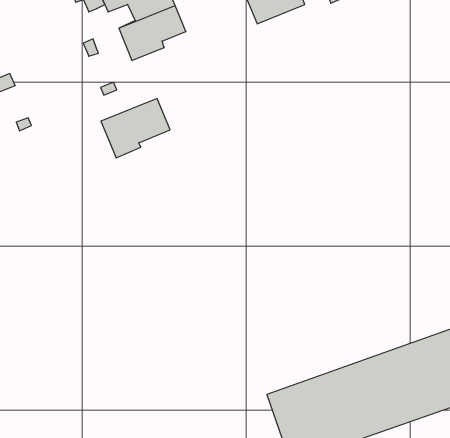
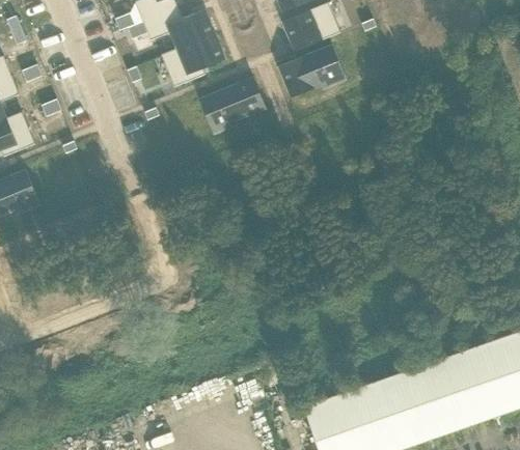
building: none -> [277,45,346,96]
building: [101,98,170,158] -> [198,77,265,134]

